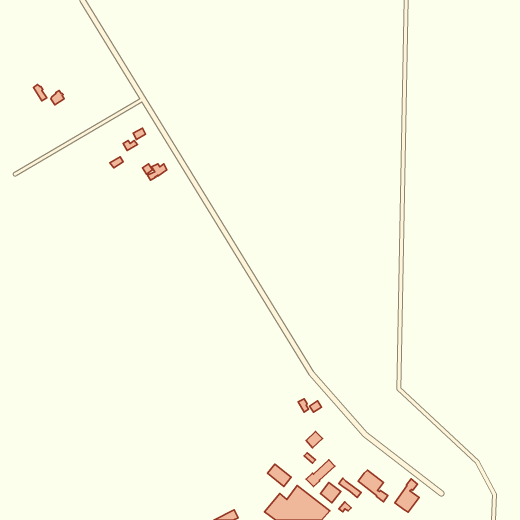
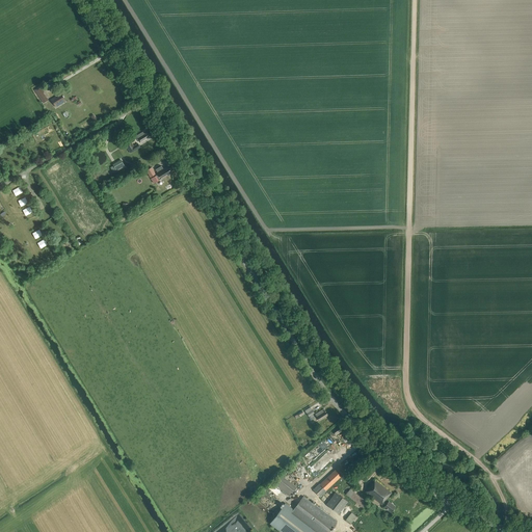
building: [395,479,419,512] -> none

